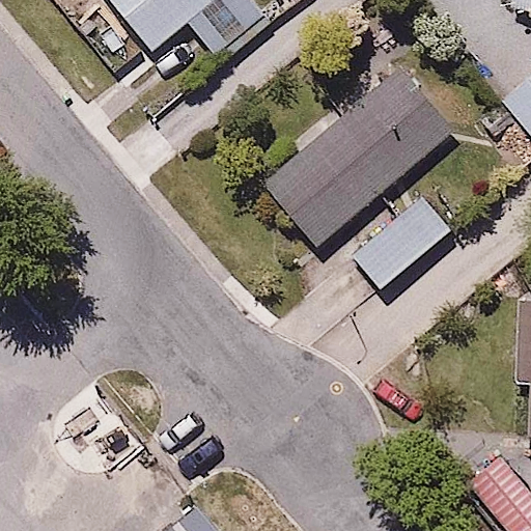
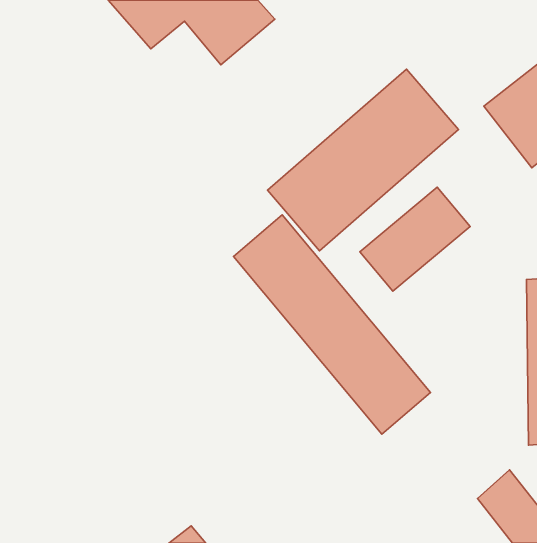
building: none -> [234,215,430,434]

